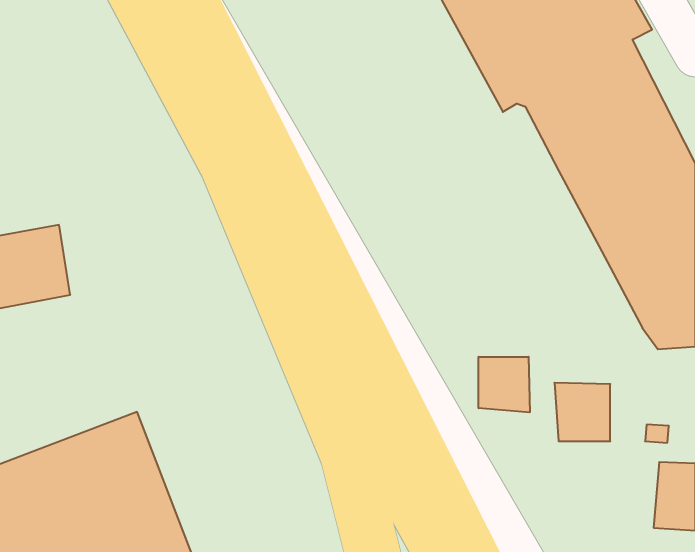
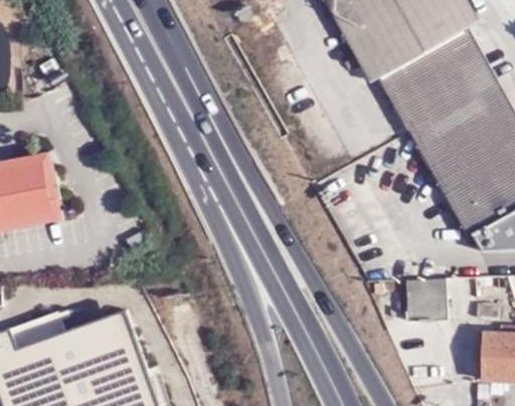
building: [479,357,530,412] -> none

